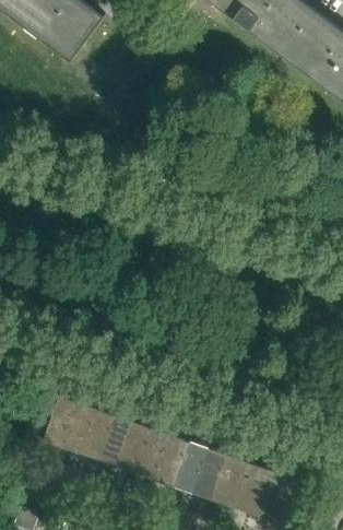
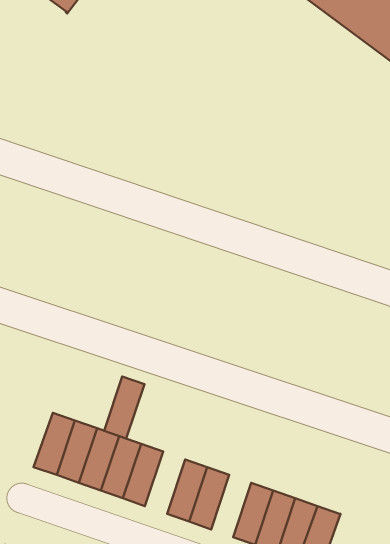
building: [134,427,168,480] -> [104,376,144,439]
building: [190,447,224,499] -> none

